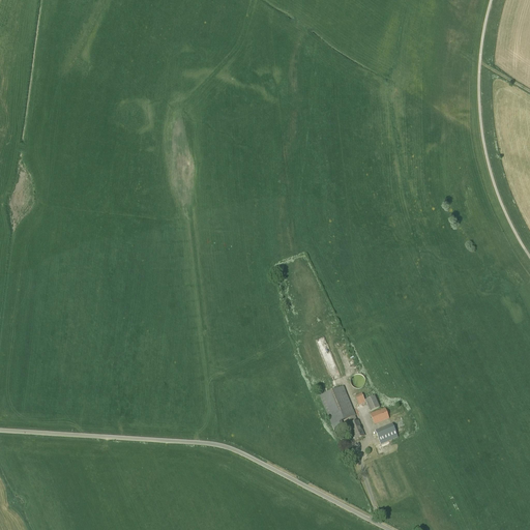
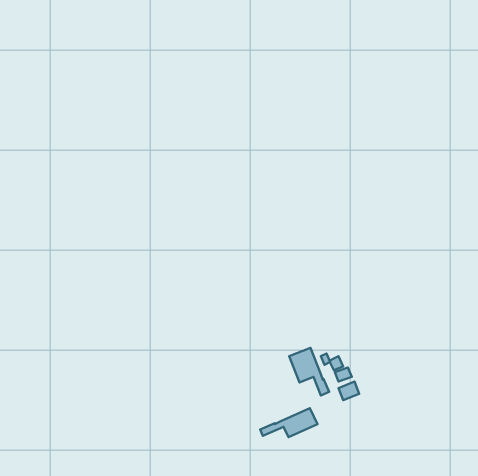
building: none -> [260,408,317,437]

